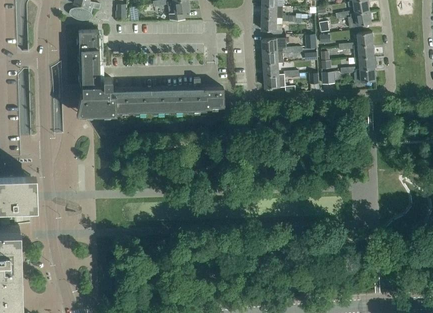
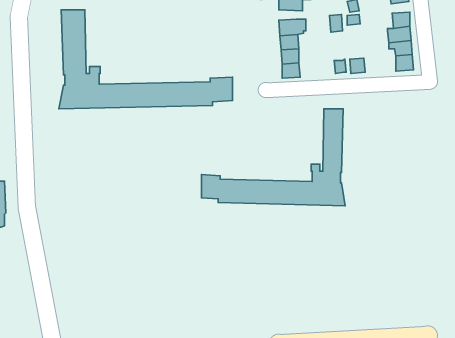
building: none -> [202,109,345,206]

